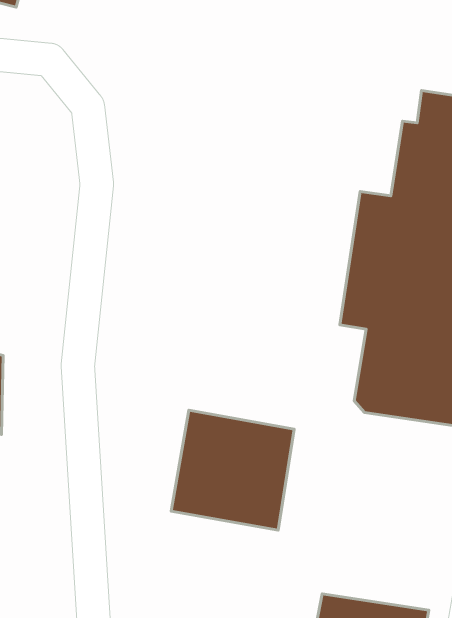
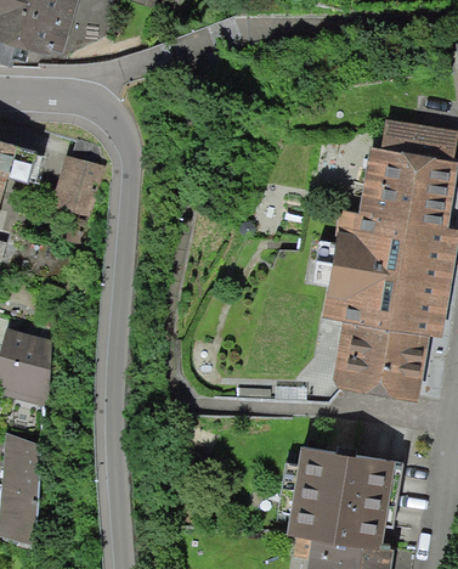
building: none -> [47,156,101,216]
building: [171,410,294,530] -> [294,449,396,548]

